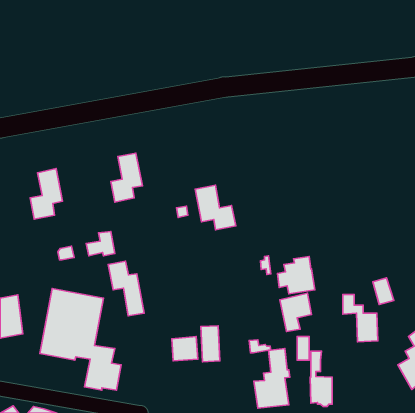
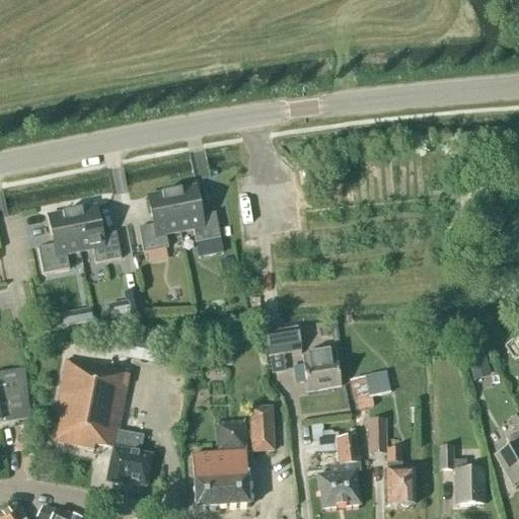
building: none -> [71,205,122,263]
building: [195,185,236,230] -> [170,186,221,241]
building: [277,256,315,294] -> [294,344,341,390]
building: [108,261,144,316] -> none
building: none -> [266,326,301,355]
building: [343,295,378,342] -> [440,446,484,505]
building: none -> [193,451,249,508]

